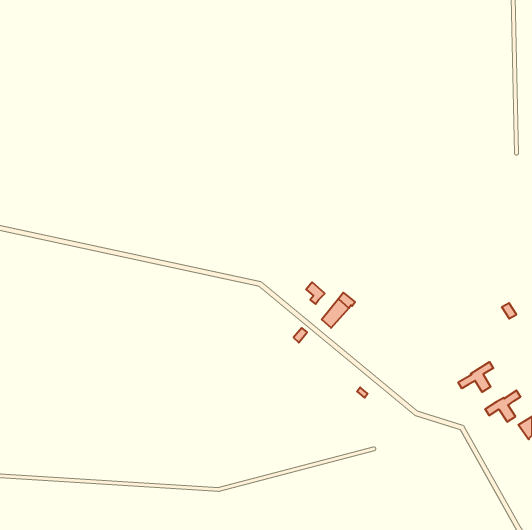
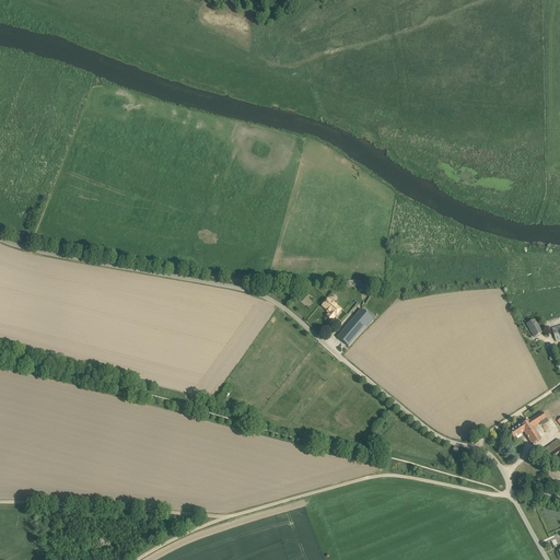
building: [458,362,493,392] -> none

